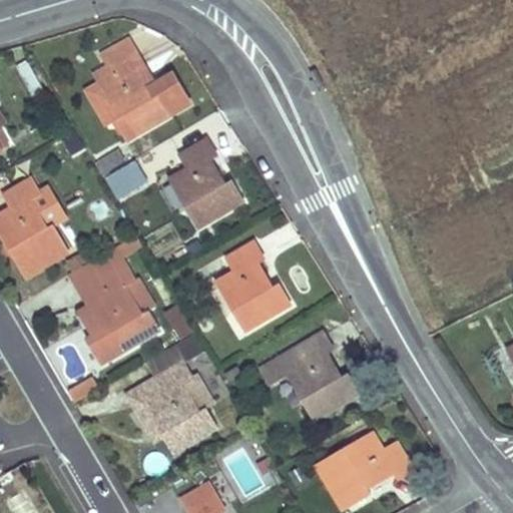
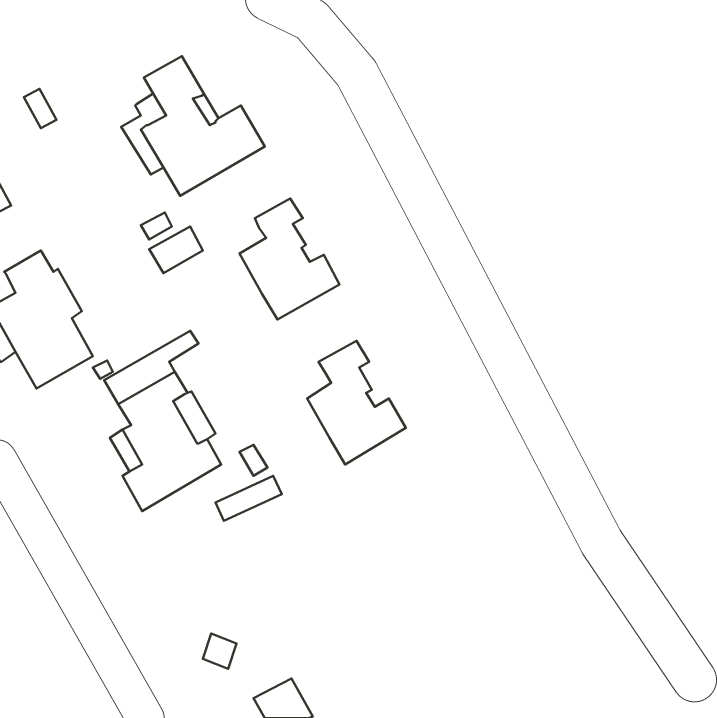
building: [262,332,358,418] -> none
building: [144,363,214,452] -> none
building: [317,432,412,507] -> none

